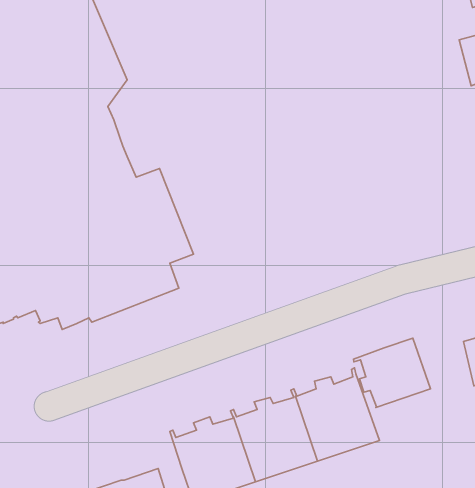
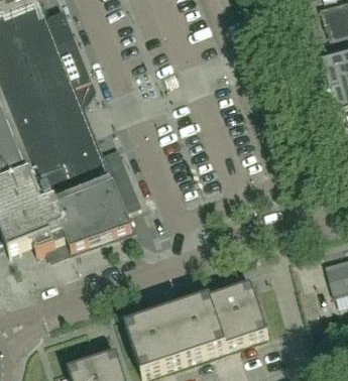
building: [353,338,431,407] -> none

